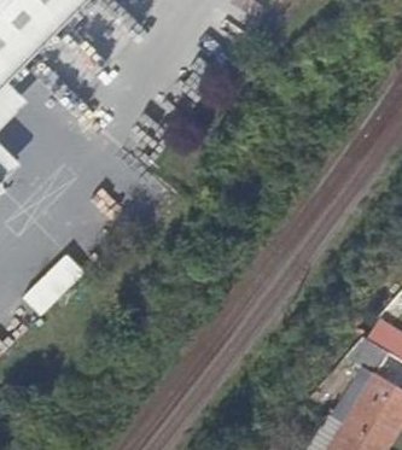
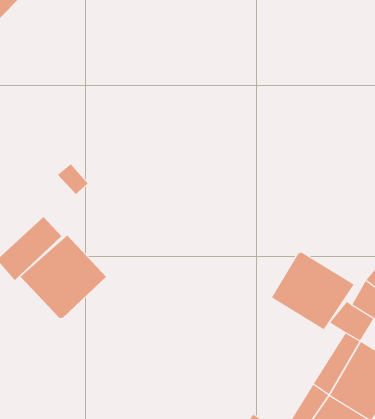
building: none -> [20,234,107,319]
building: none -> [271,252,355,330]

